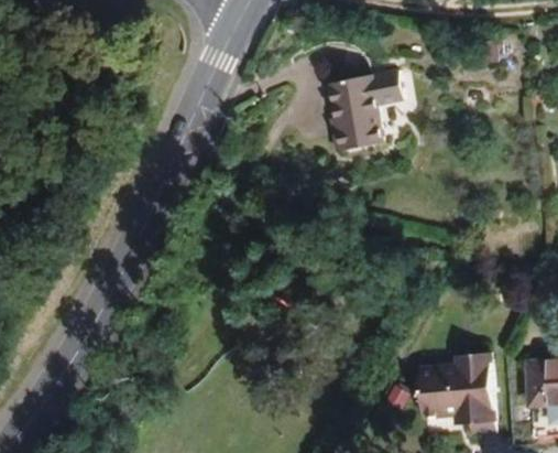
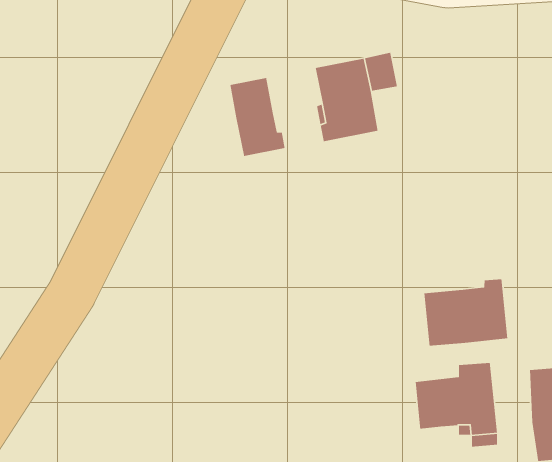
building: none -> [230,77,285,157]
building: none -> [423,278,508,347]

